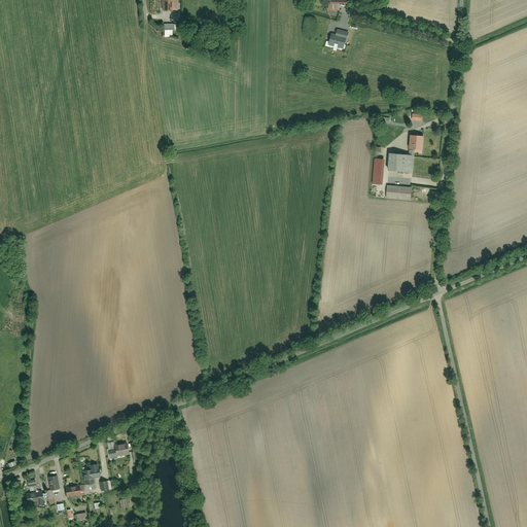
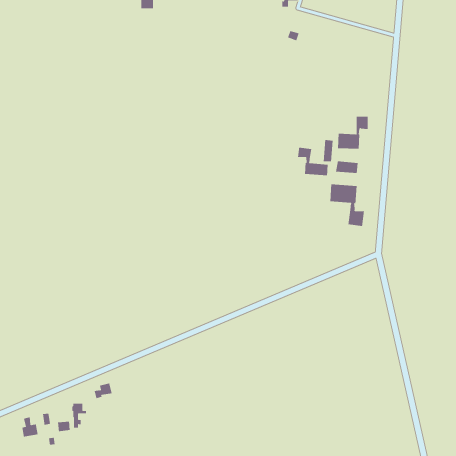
building: none -> [297,147,328,176]
building: none -> [330,183,365,227]

